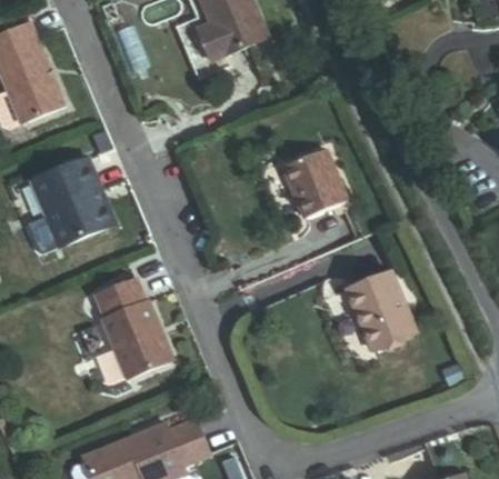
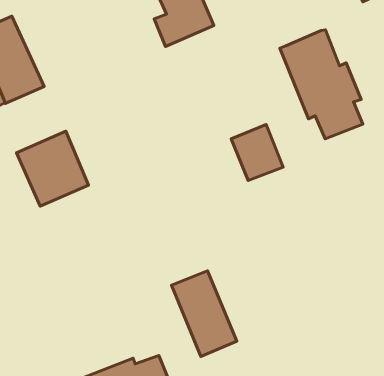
building: none -> [280,30,363,139]
building: [345,269,412,346] -> none
building: [97,278,173,378] -> [171,271,237,356]

